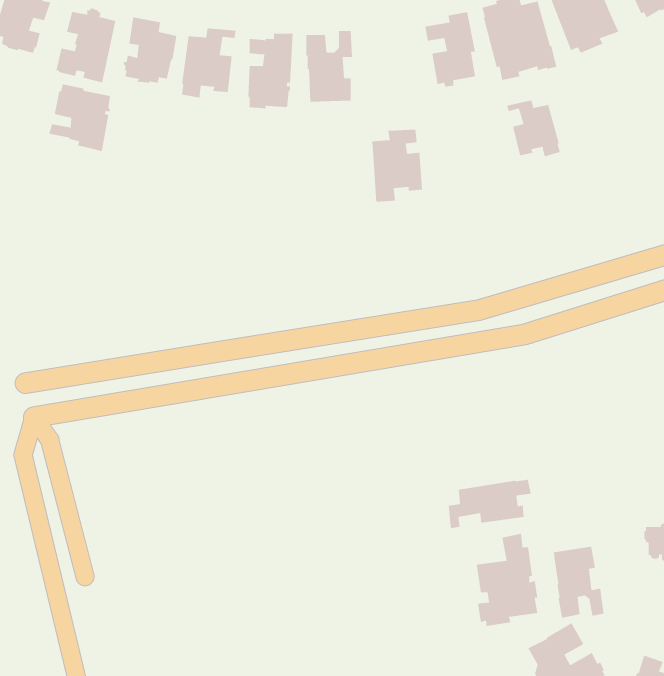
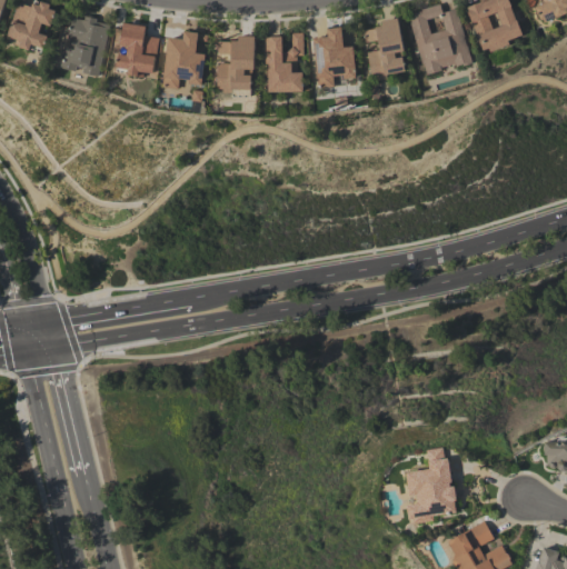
building: [49,84,111,152] -> none
building: [506,100,561,157] -> none
building: [371,129,423,202] -> [314,28,356,88]
building: [448,479,531,529] -> none
building: [553,546,604,618] -> none

